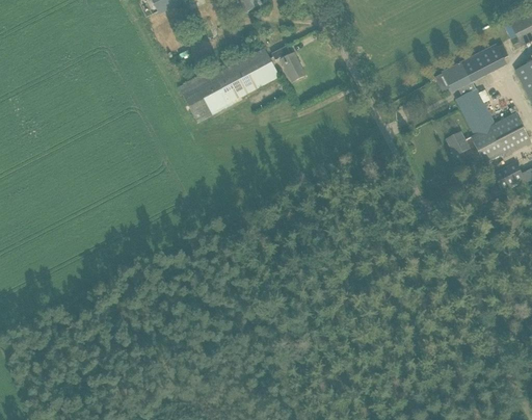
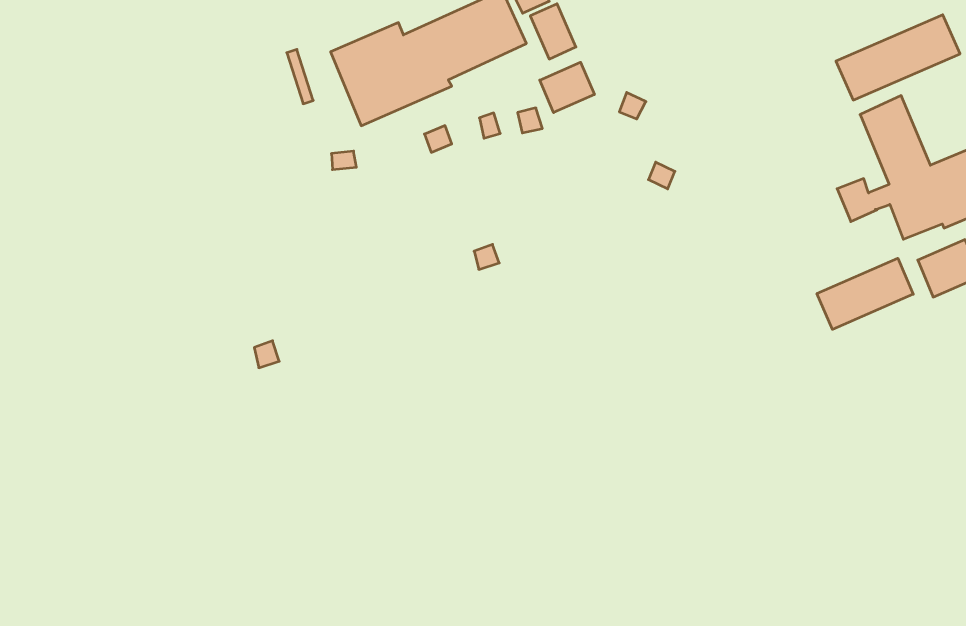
building: none -> [540,62,594,113]
building: none -> [817,258,913,329]

